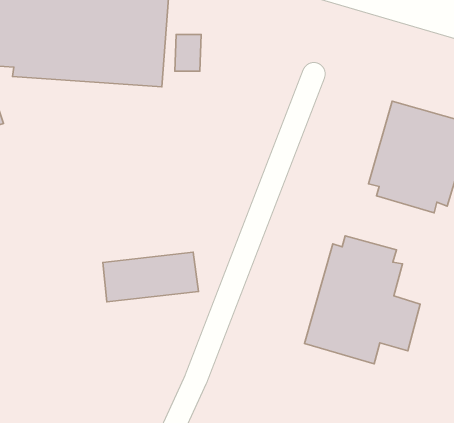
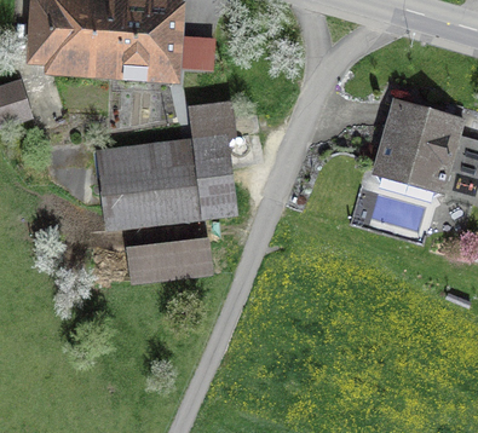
building: none -> [96,99,237,230]
building: [304,236,420,364] -> none

